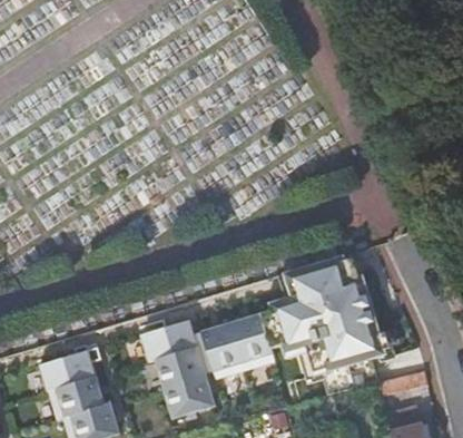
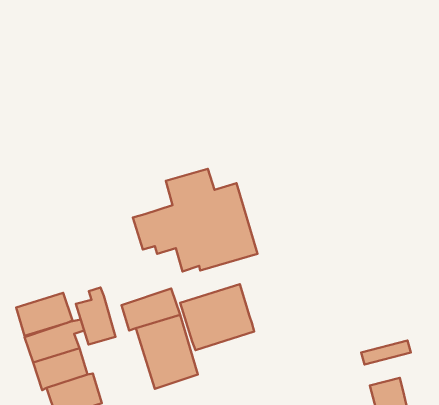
building: [258,264,384,368] -> [133,169,258,271]
building: none -> [76,288,115,344]
building: none -> [16,293,72,336]

